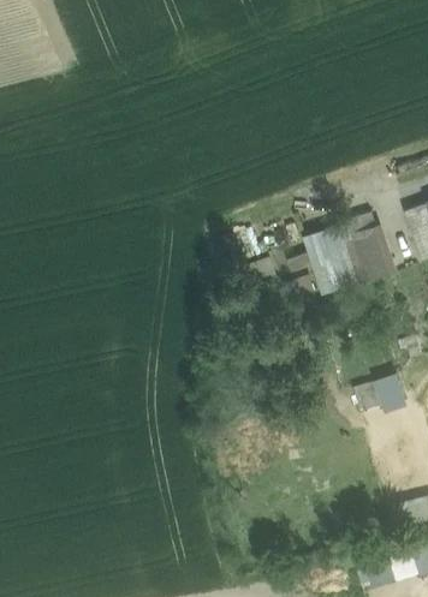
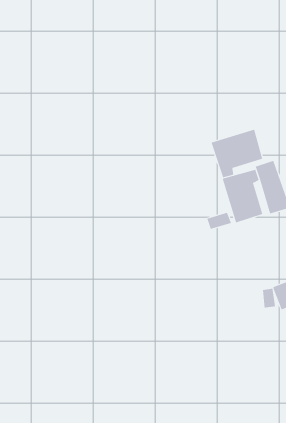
building: none -> [211,129,263,178]

